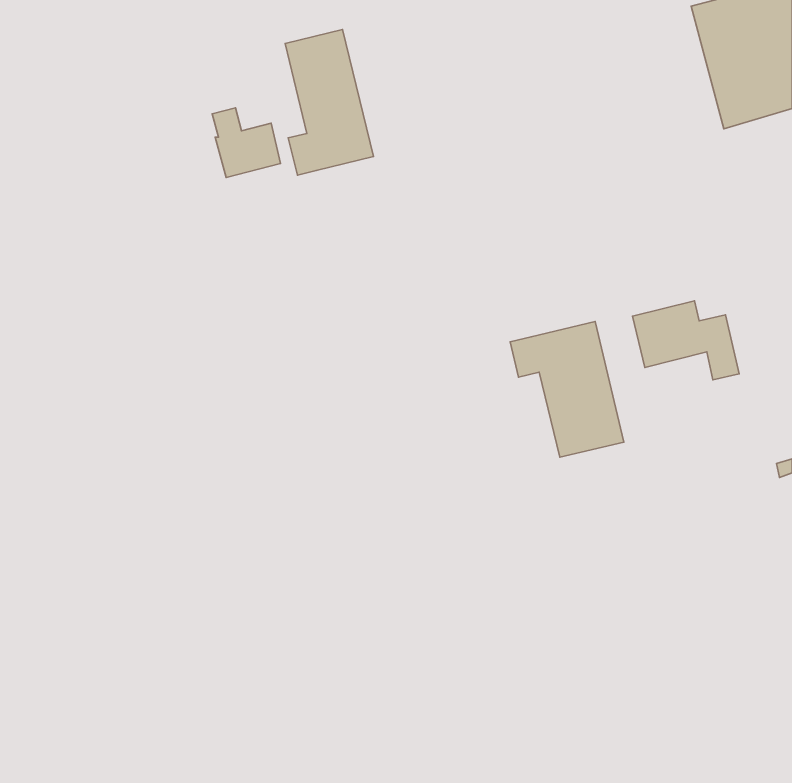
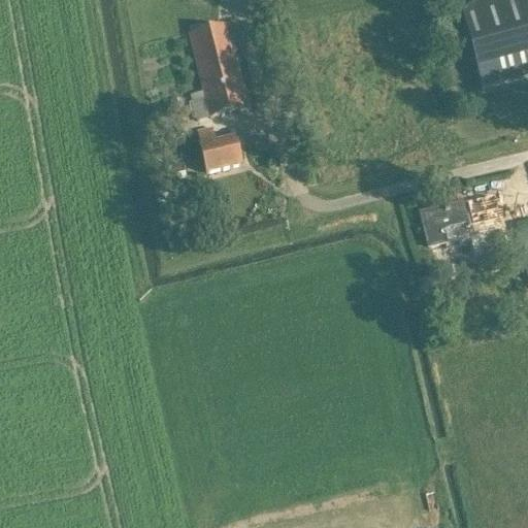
building: [212,108,280,177] -> [197,124,242,170]
building: [510,322,624,457] -> none

